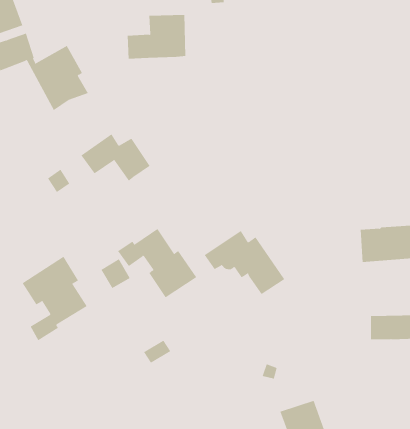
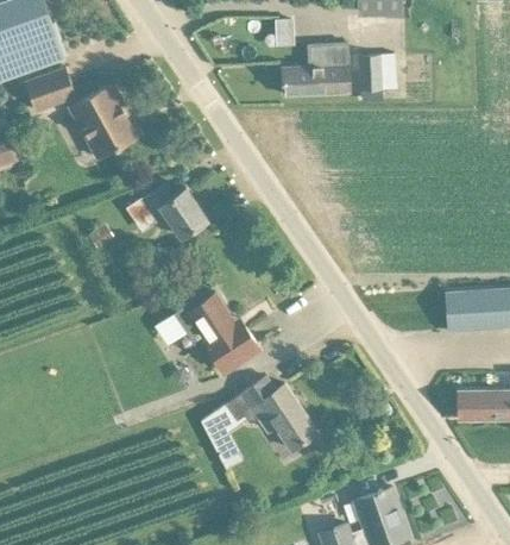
building: [127,15,186,59] -> [282,44,350,95]
building: none -> [359,55,396,92]
building: [204,230,285,295] -> [225,376,317,450]
building: [22,256,88,341] -> none

